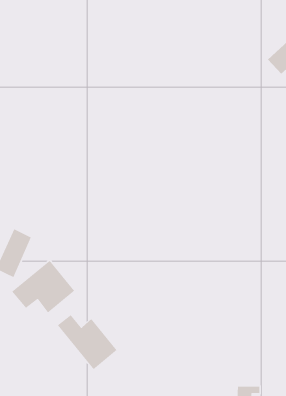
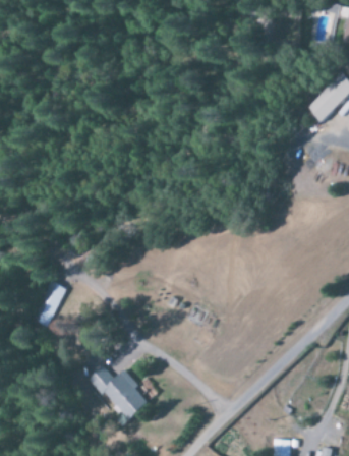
building: [11,260,75,314] -> none

